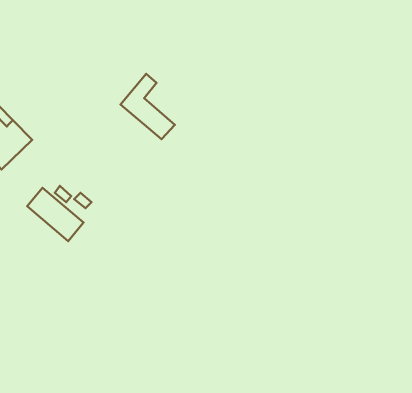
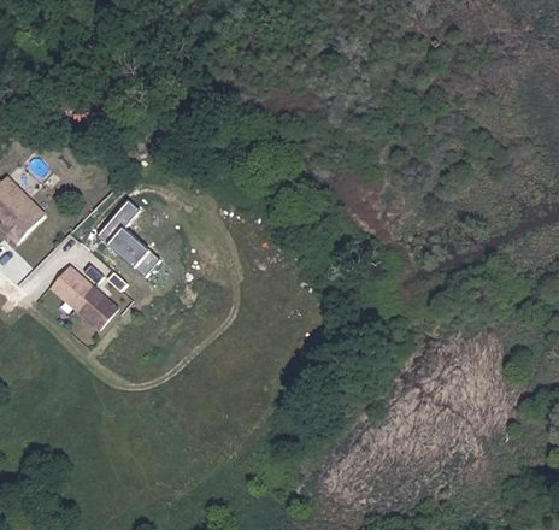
building: [121,74,175,139] -> [95,199,159,276]

